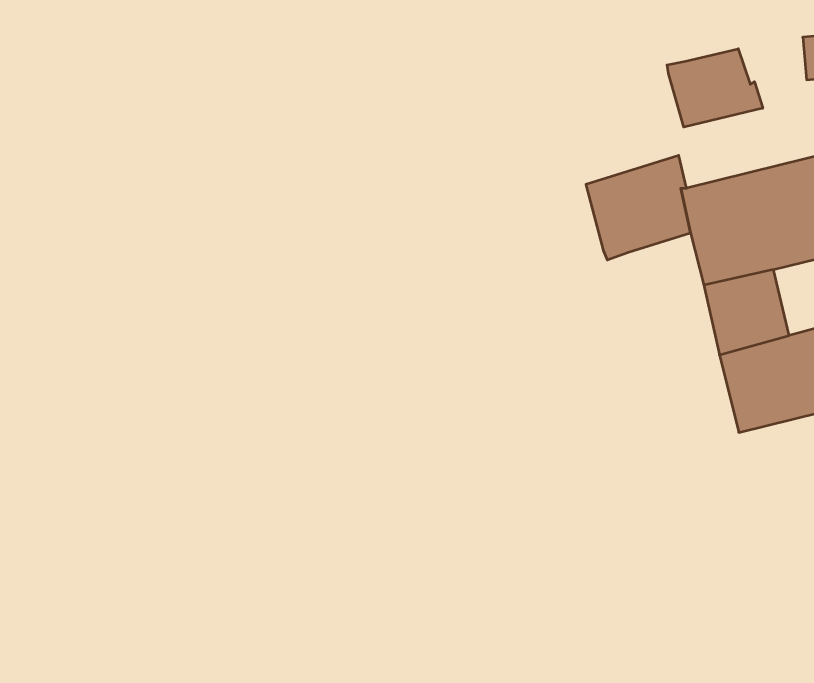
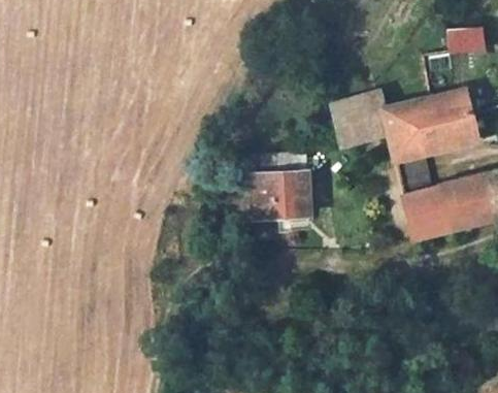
building: [667,49,763,127] -> none
building: none -> [250,154,309,219]

